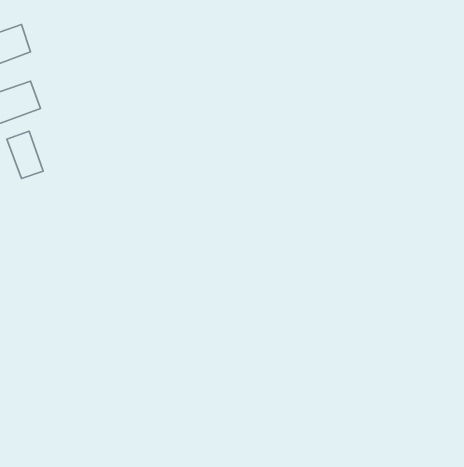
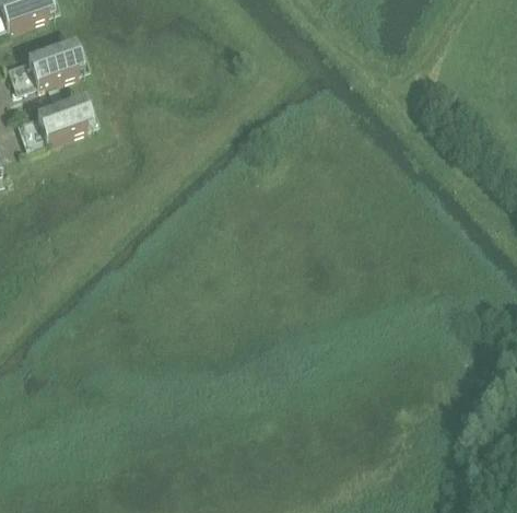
building: [7,131,43,178] -> none

